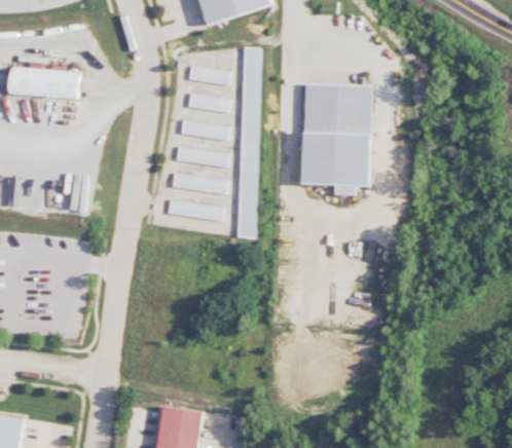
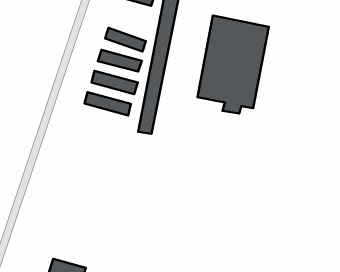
building: [186,94,228,112] -> none

